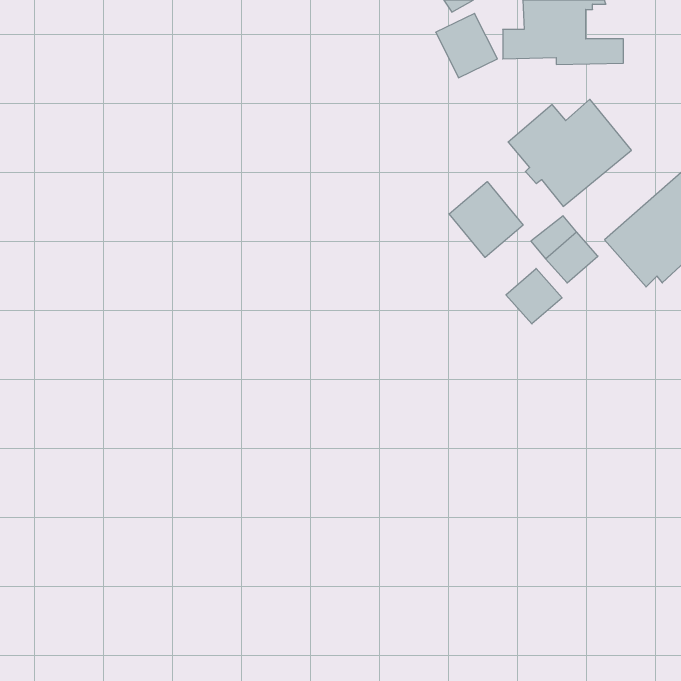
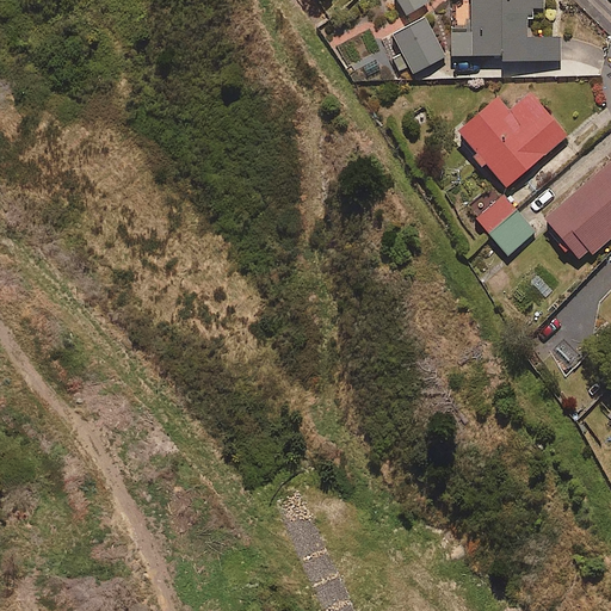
building: [449,182,523,257] -> none
building: [506,268,562,324] -> none

